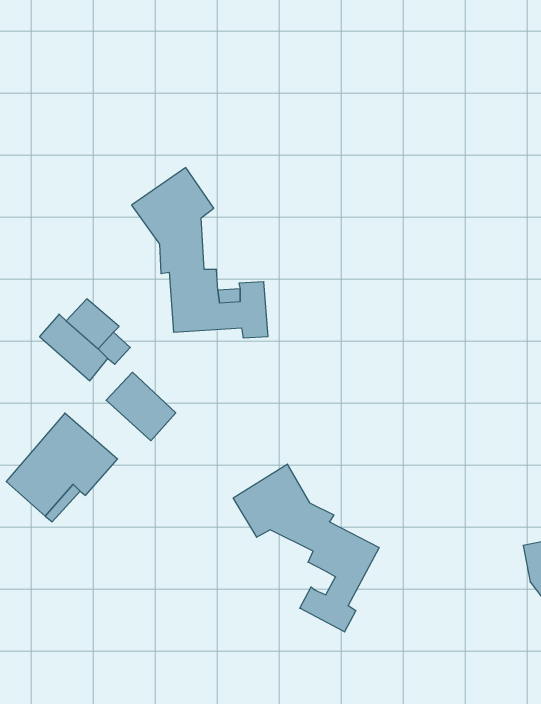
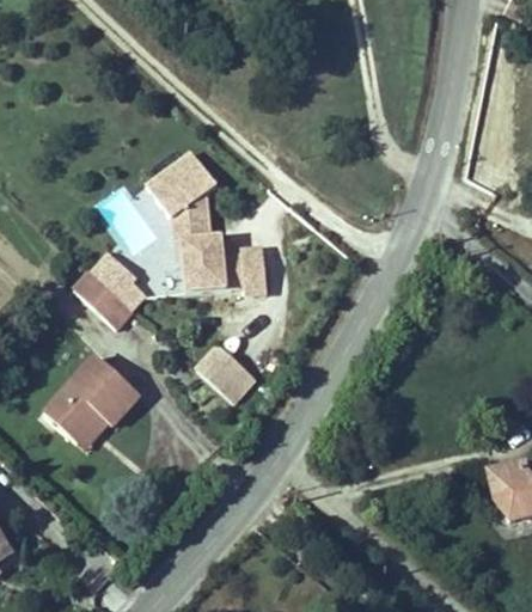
building: [106,372,176,441] -> [196,347,256,405]
building: [233,464,379,632] -> none

